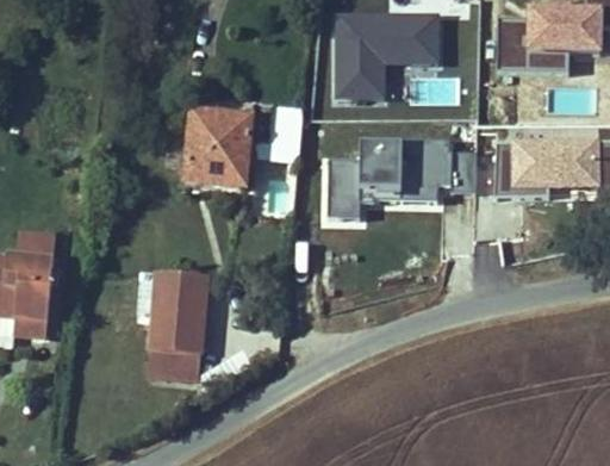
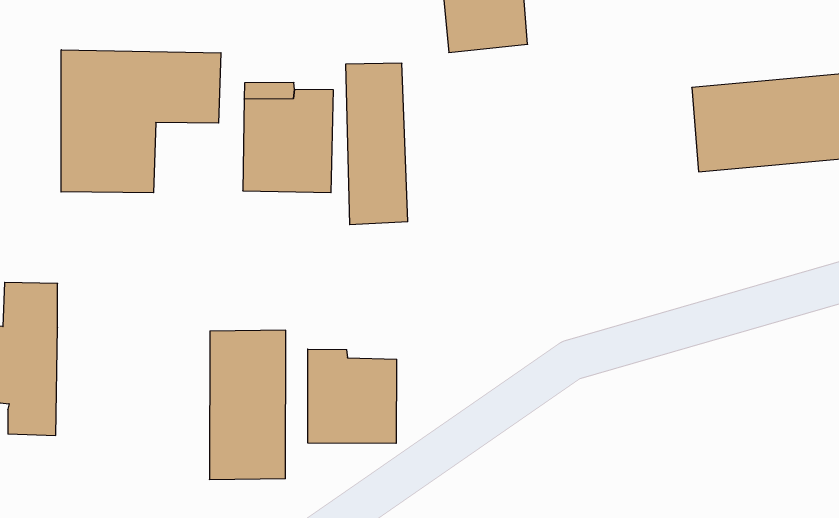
building: none -> [61,50,221,193]
building: [324,137,475,216] -> none
building: none -> [308,349,397,443]

